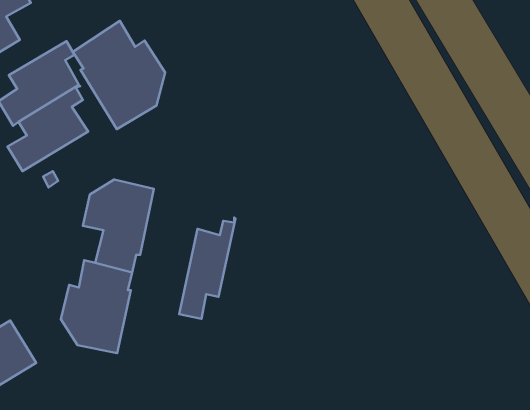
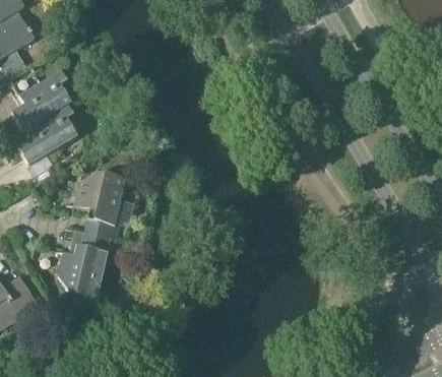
building: [73,21,165,129] -> none
building: [179,218,236,319] -> none

